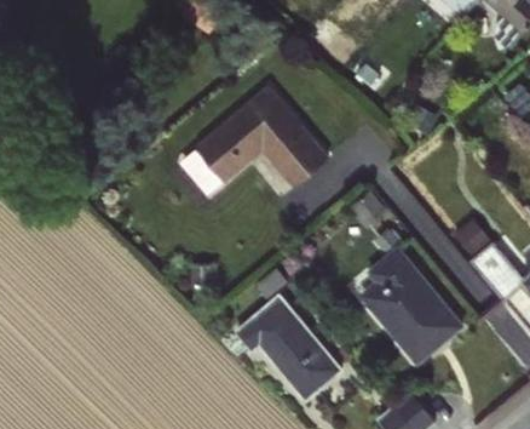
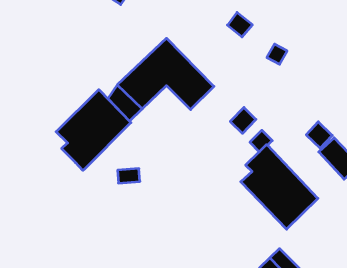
building: none -> [56,90,131,170]
building: [235,293,344,402] -> none

